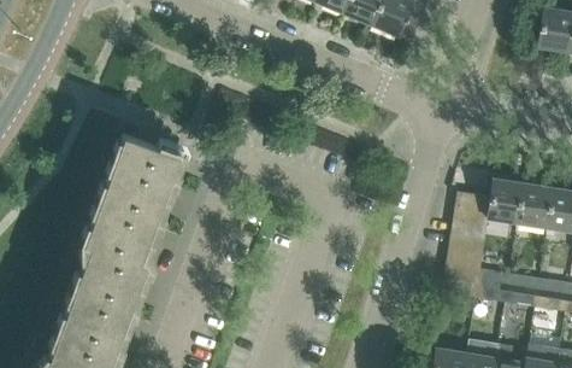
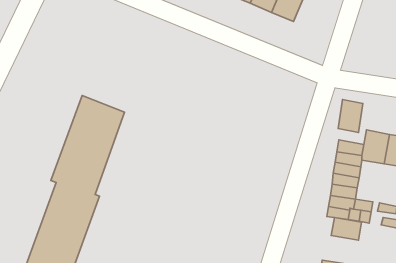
building: none -> [338,100,363,132]
building: none -> [331,218,361,240]

